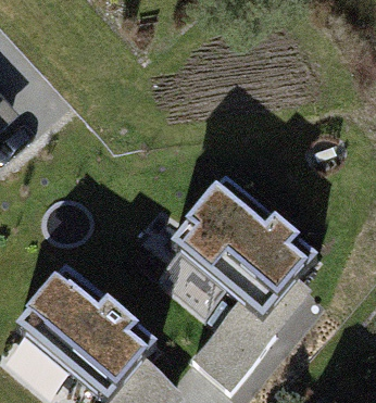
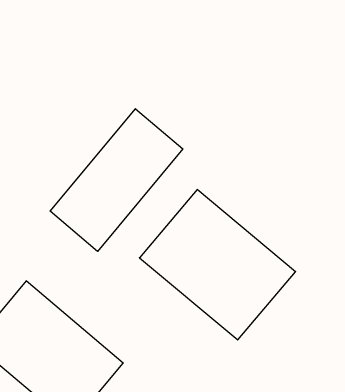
building: none -> [50,109,183,251]

